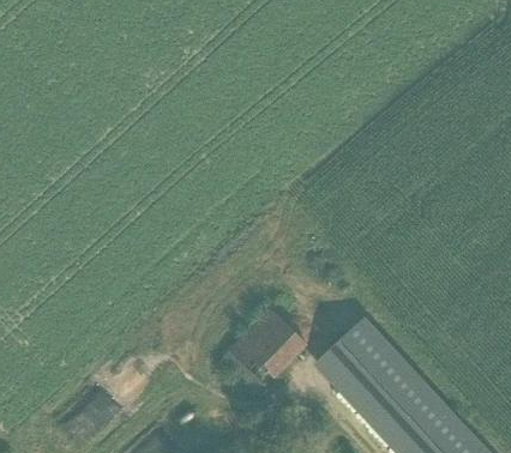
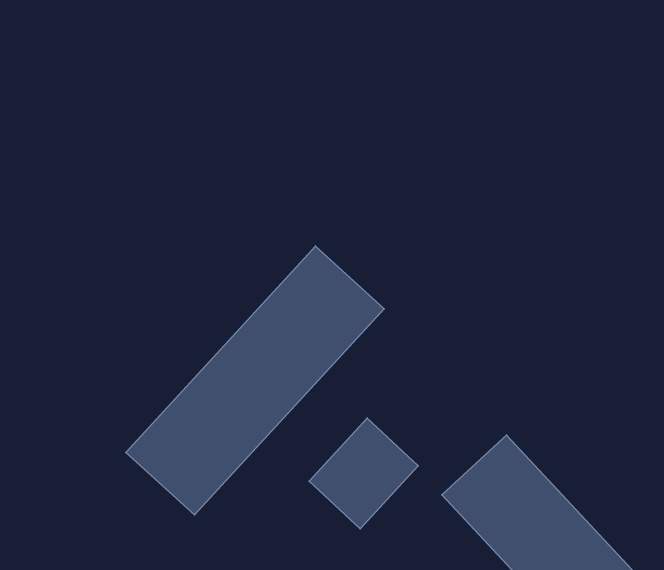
building: none -> [126,246,384,515]

